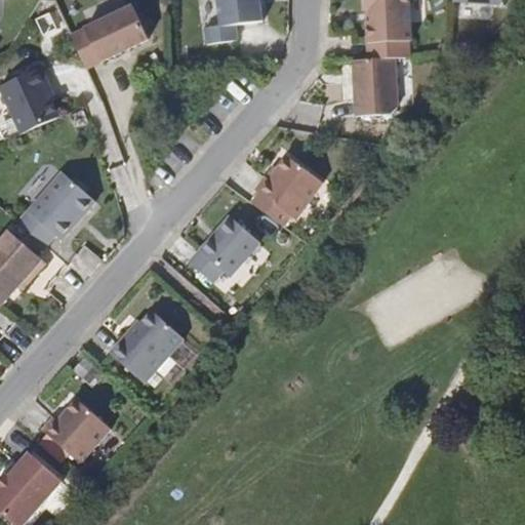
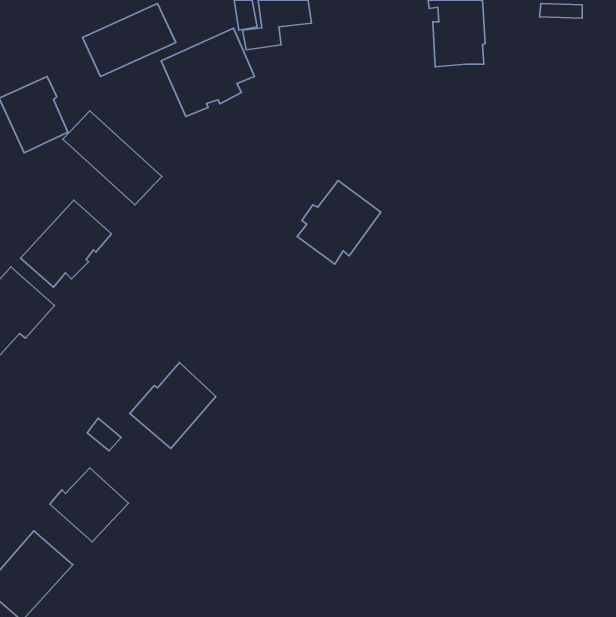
building: none -> [161,28,255,117]
building: [353,56,397,115] -> none
building: none -> [63,111,162,205]
building: [189,214,259,281] -> none

